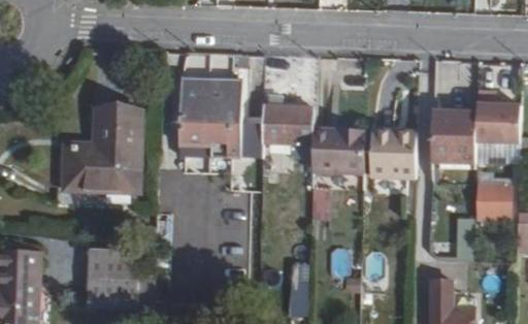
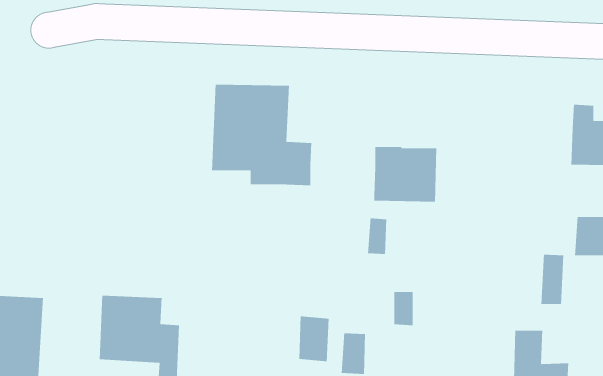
building: [261,94,315,145] -> none
building: [431,111,476,165] -> none
building: [65,114,139,192] -> none
building: [369,129,417,179] -> none
building: none -> [298,315,330,362]

